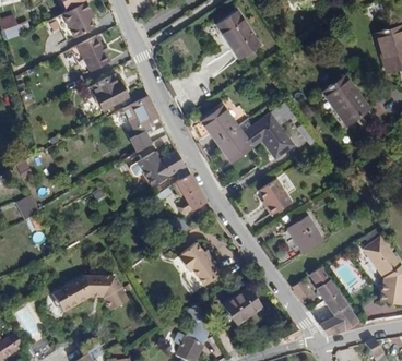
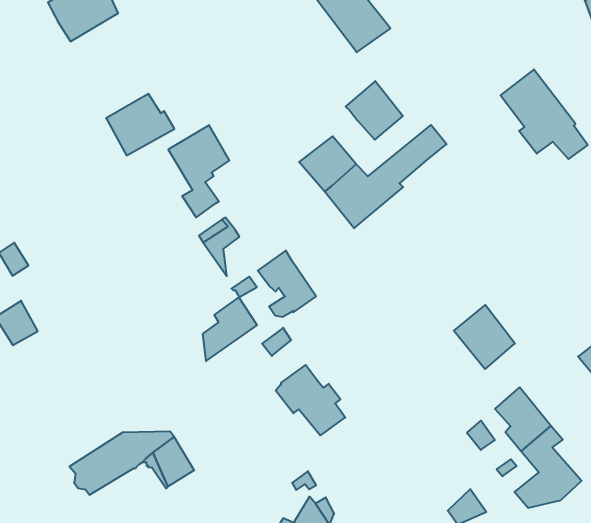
building: [72,35,111,70] -> none
building: [260,122,294,157] -> [346,81,403,140]
building: [153,148,186,185] -> [203,297,257,361]
building: [258,176,291,212] -> none
building: [223,287,261,322] -> none

